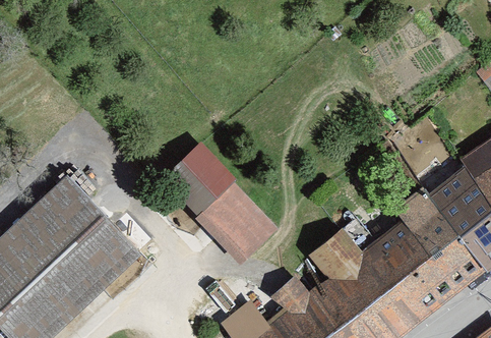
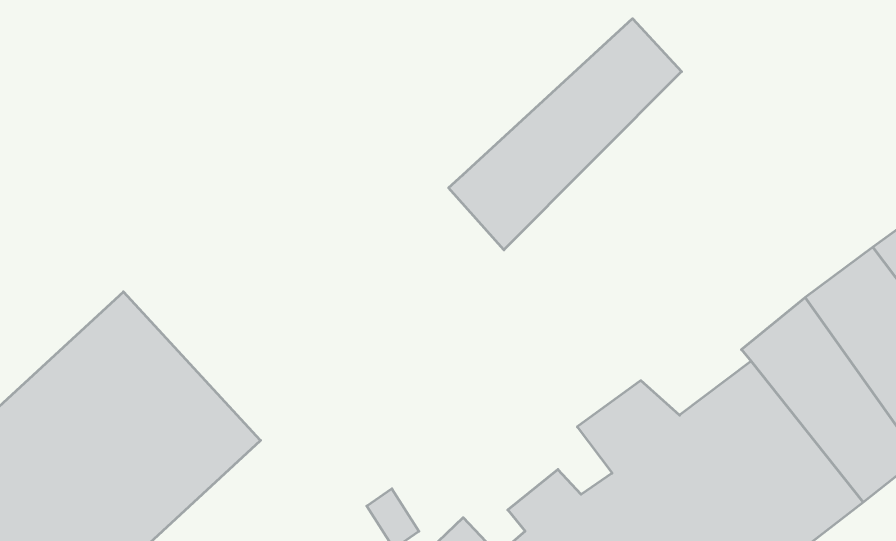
building: none -> [449,19,682,250]
building: [161,140,282,266] -> none

